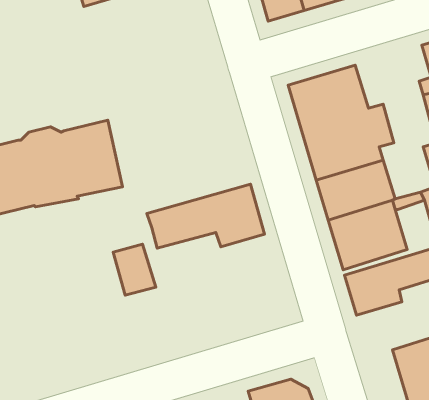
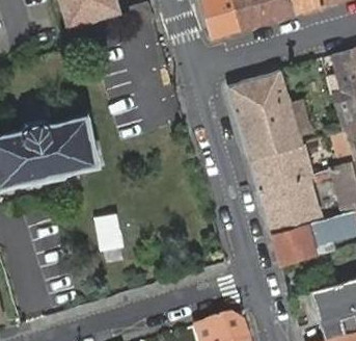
building: [147,184,265,248] -> none

